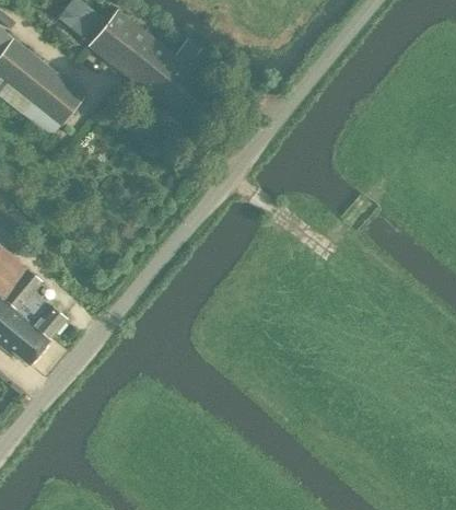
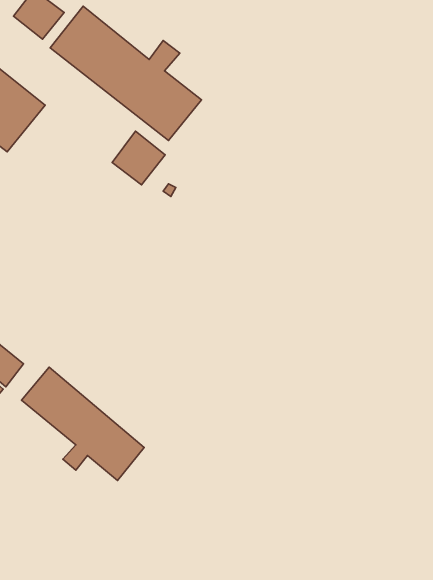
building: none -> [112,131,165,185]
building: none -> [21,367,144,480]

